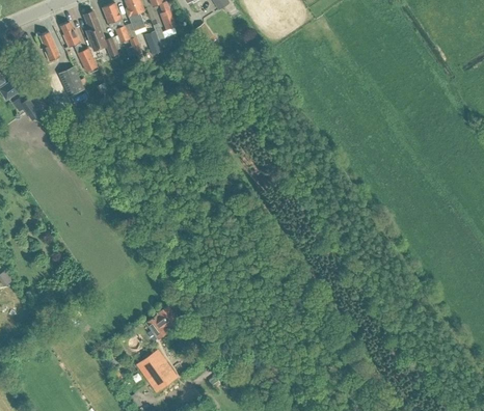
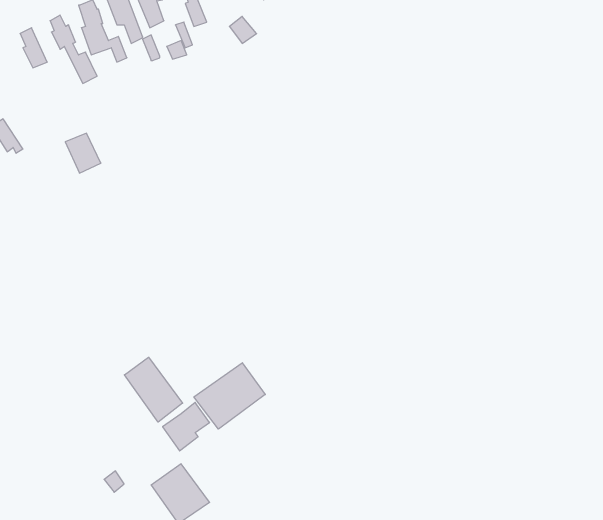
building: [59,66,85,95] -> [65,133,101,173]
building: none -> [124,357,183,422]
building: none -> [194,363,265,429]

